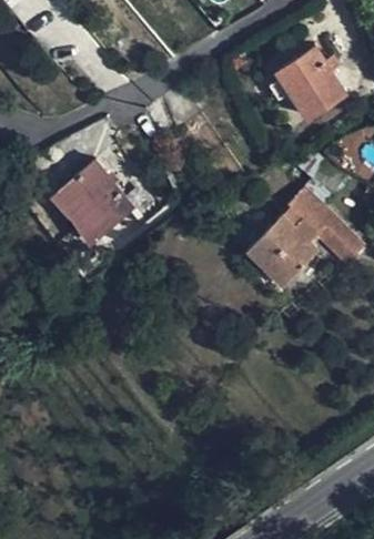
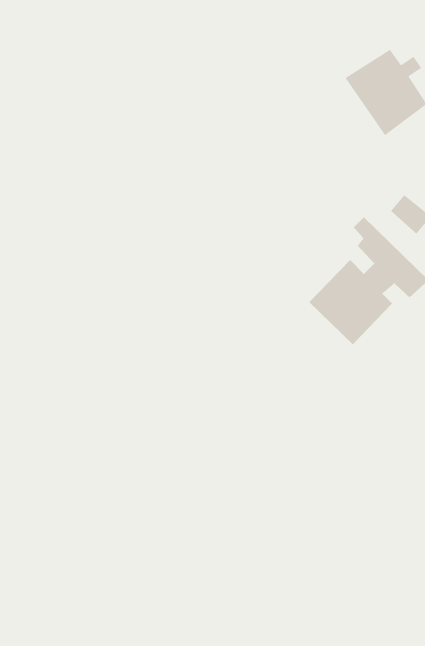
building: [55,162,133,241] -> none

